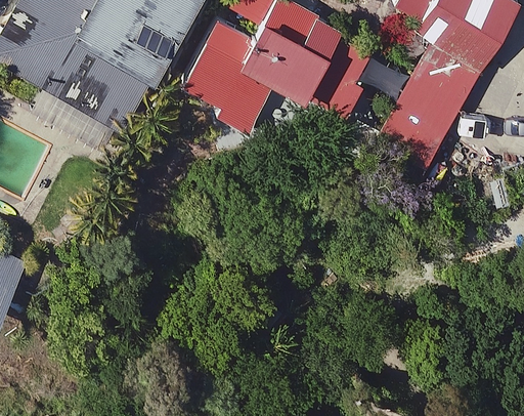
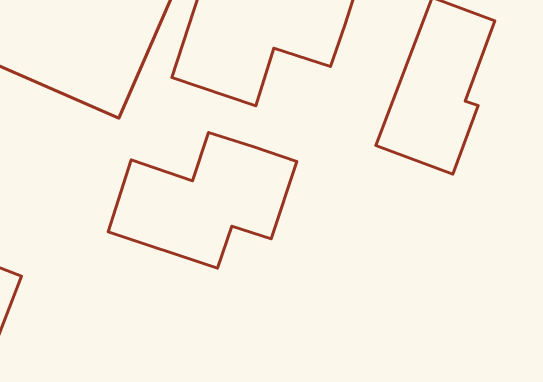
building: none -> [108,133,297,268]

